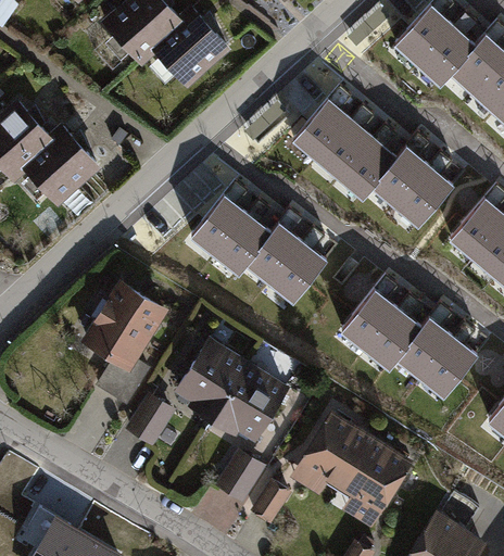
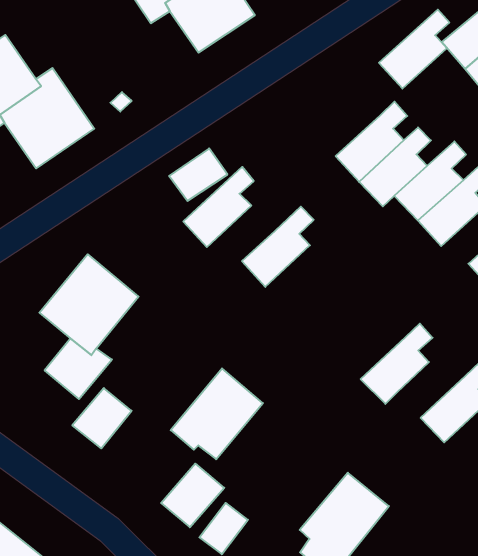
building: [293,87,351,161] -> [379,10,449,89]
building: [216,202,274,276] -> none
building: [273,229,330,303] -> none
building: [344,278,402,353] -> none
building: [402,304,459,379] -> none
building: [171,337,245,422] -> none
building: [286,412,369,500] -> none

